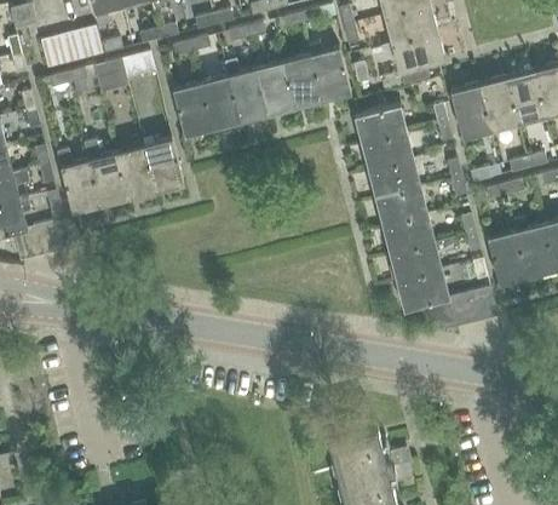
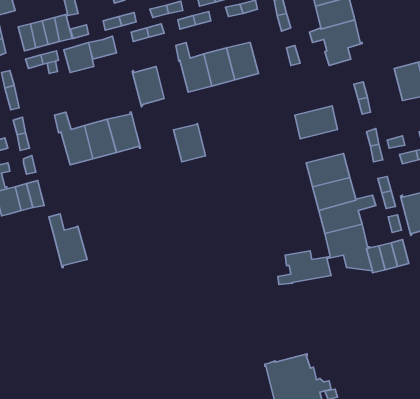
building: [307,42,350,94] -> none
building: [201,79,238,124] -> [174,124,206,162]
building: [450,88,489,137] -> none
building: [353,104,407,143] -> none
building: [56,148,100,211] -> [49,214,87,268]
building: [369,160,420,199] -> none
building: none -> [278,251,331,285]

